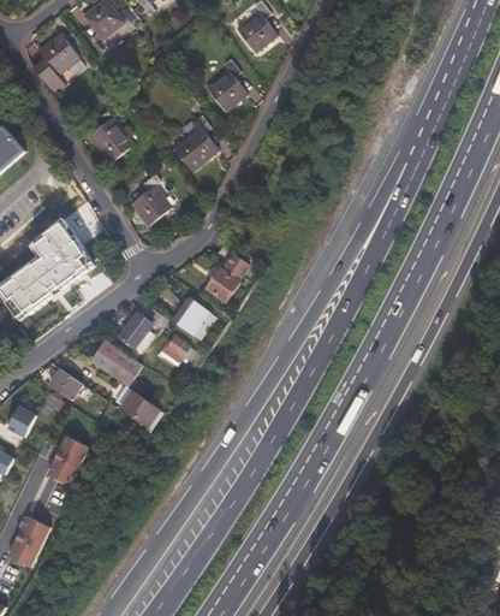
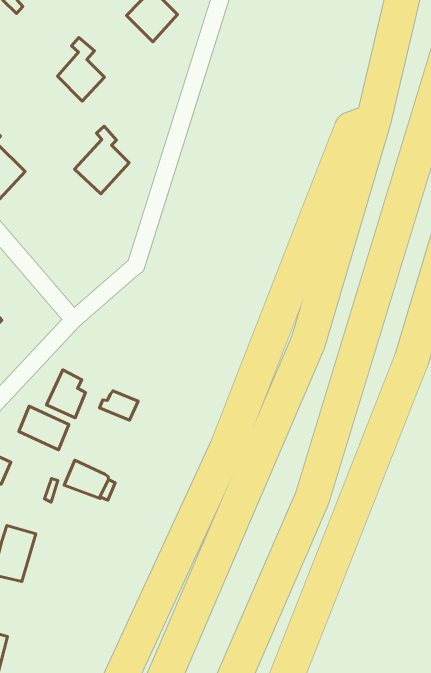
building: [207,60,245,113] -> [58,37,105,101]
building: [129,174,171,227] -> none
building: [204,250,246,298] -> none
building: [172,295,214,338] -> none

